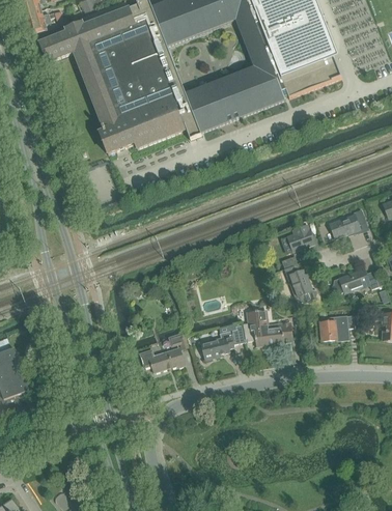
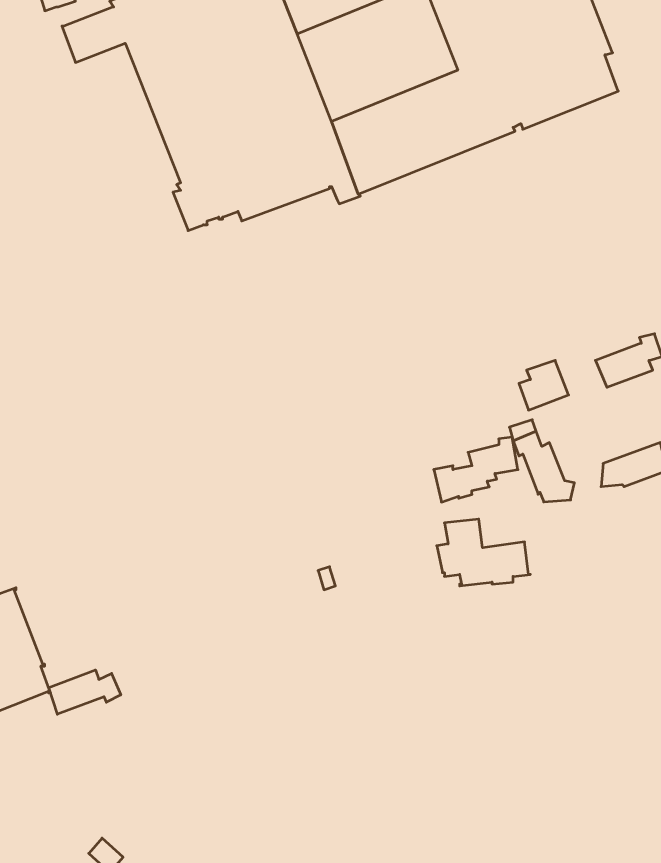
building: [314,314,353,340] -> none
building: [199,323,245,359] -> [434,437,518,502]
building: [138,347,184,371] -> none
building: none -> [49,670,121,714]

